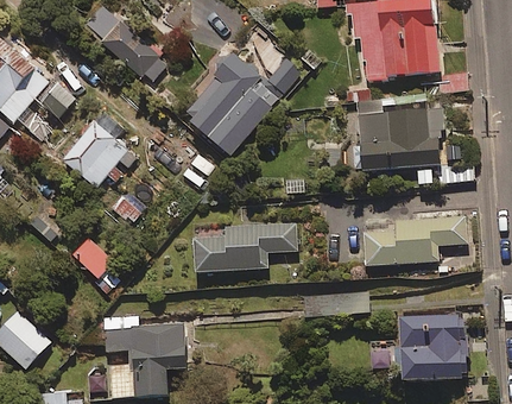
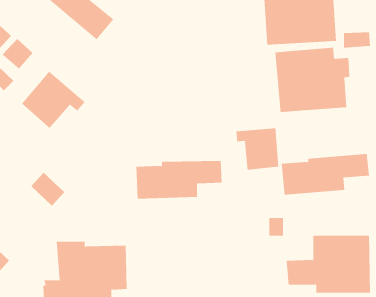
building: [185,46,308,153] -> none
building: none -> [236,128,279,170]

